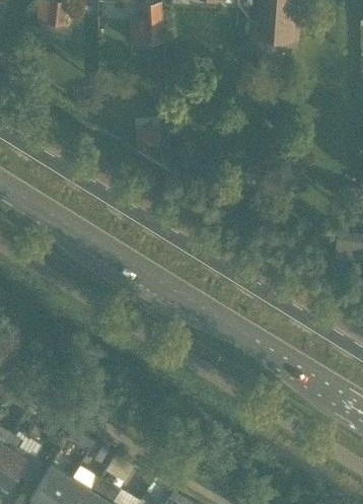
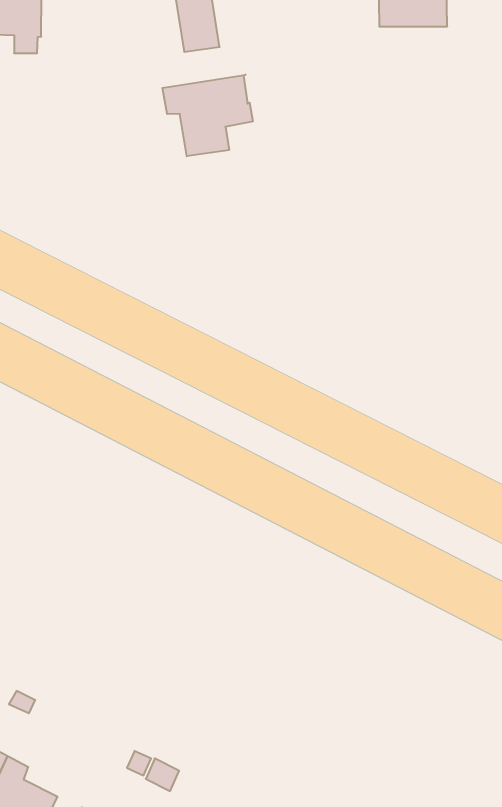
building: none -> [162,75,253,156]

